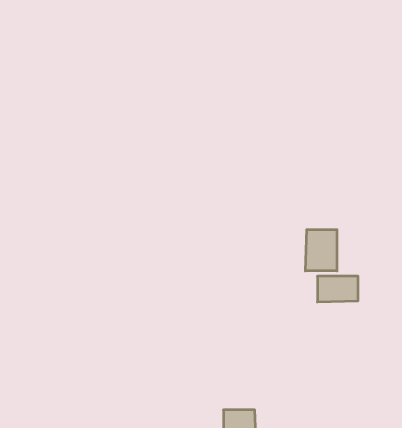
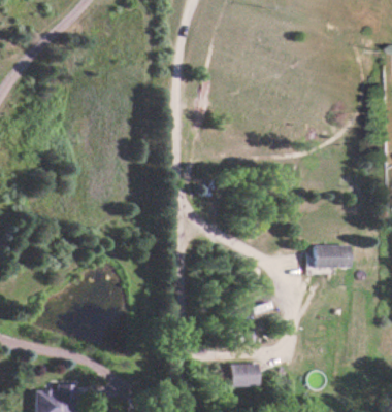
building: [305,230,337,271] -> none

